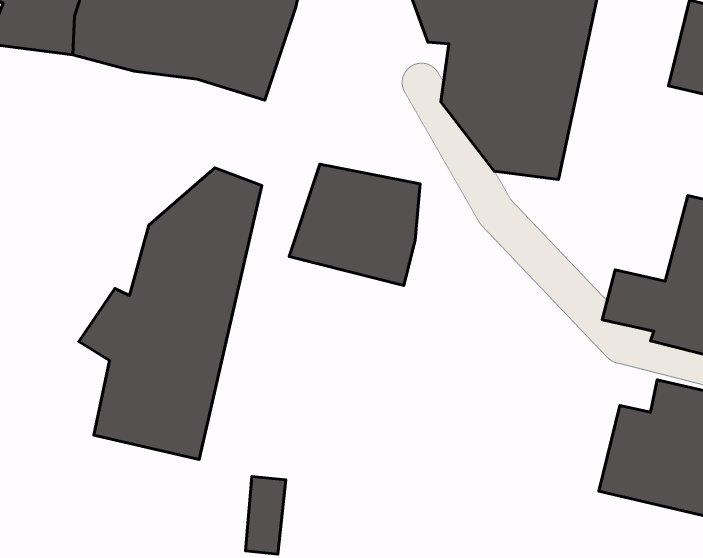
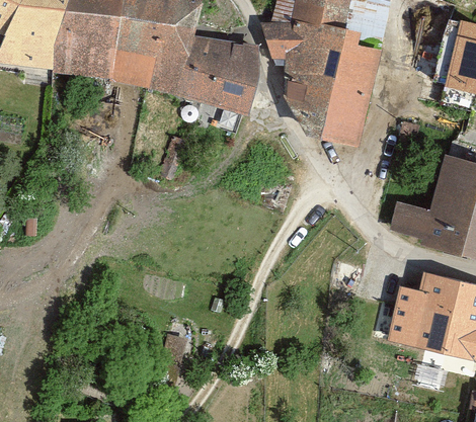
building: [289,164,420,285] -> [175,36,257,112]
building: [79,168,262,459] -> none

